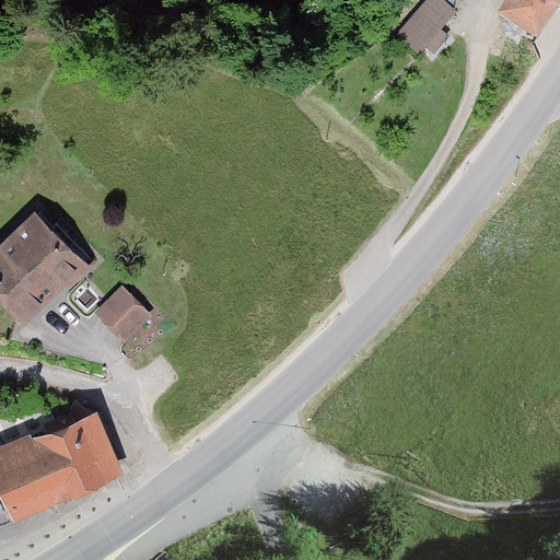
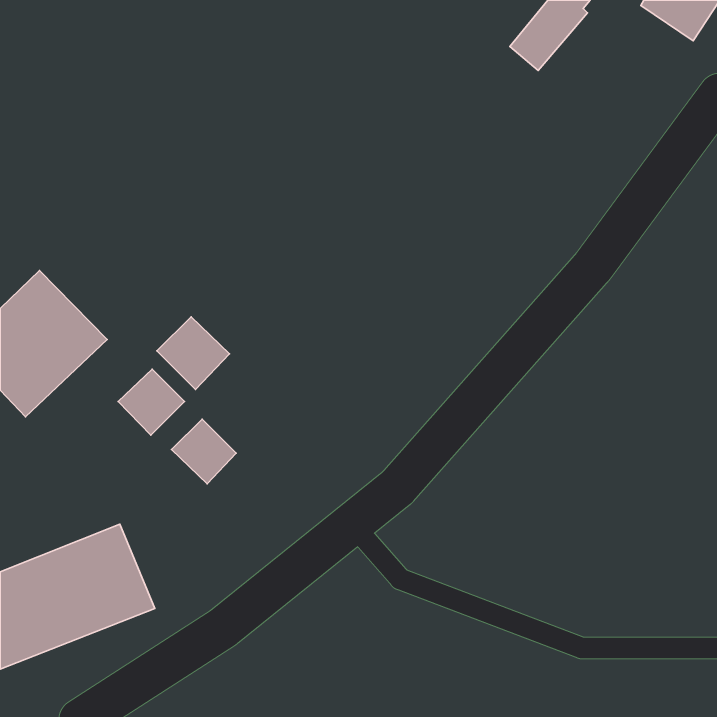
building: none -> [157,317,230,389]
building: none -> [172,419,236,484]

